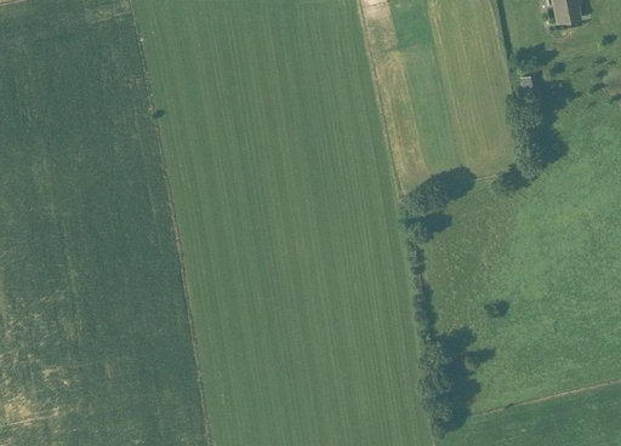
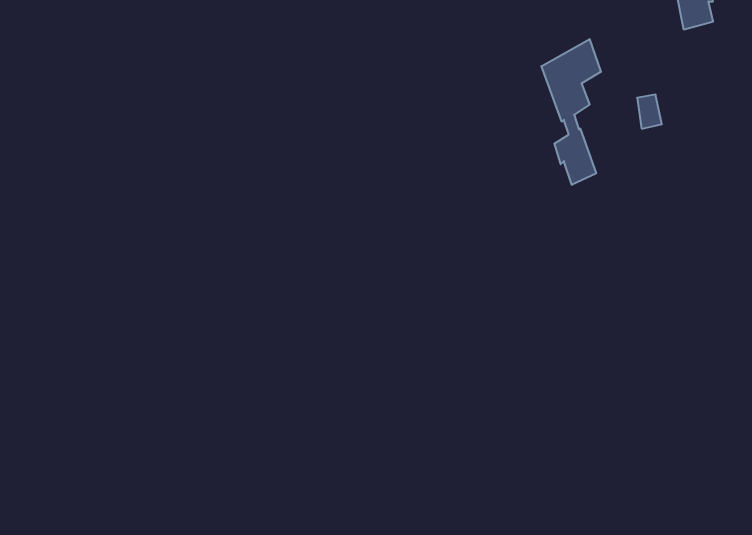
building: none -> [541,39,601,185]

